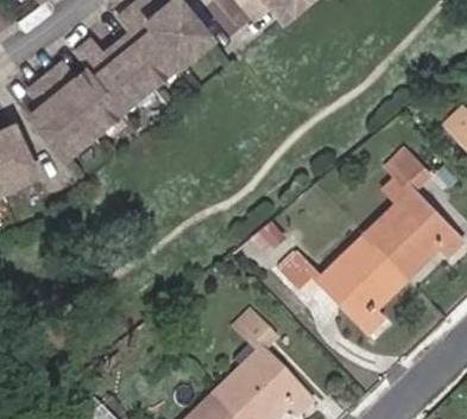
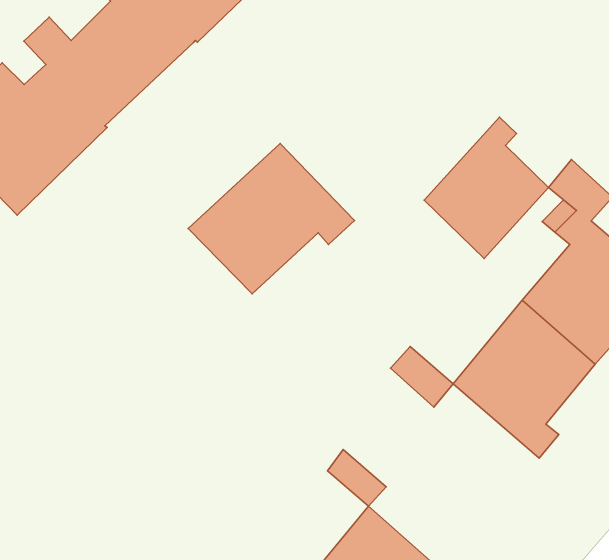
building: none -> [424,117,549,258]
building: none -> [188,143,354,294]

